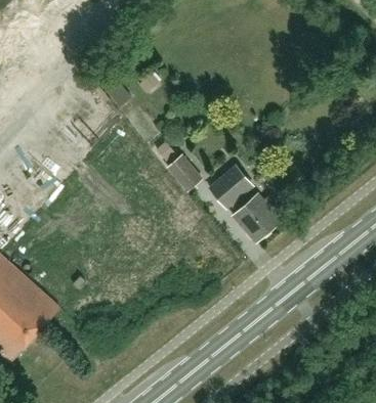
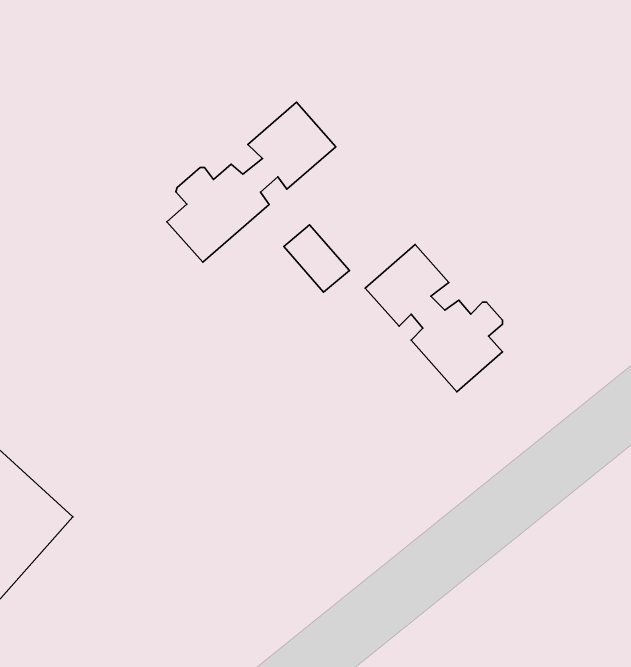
building: none -> [167,102,336,262]

